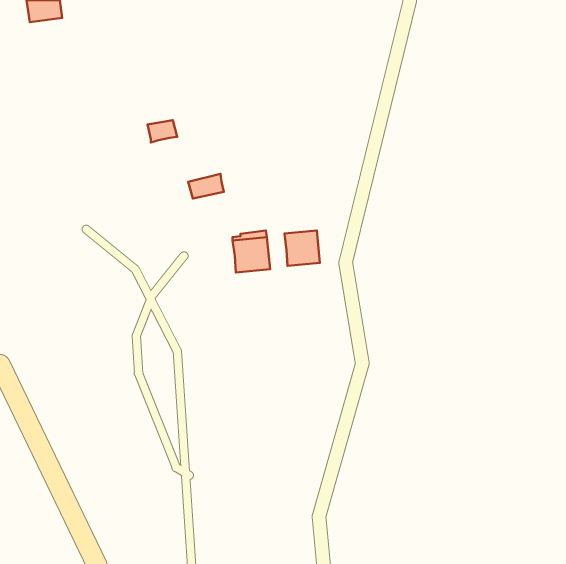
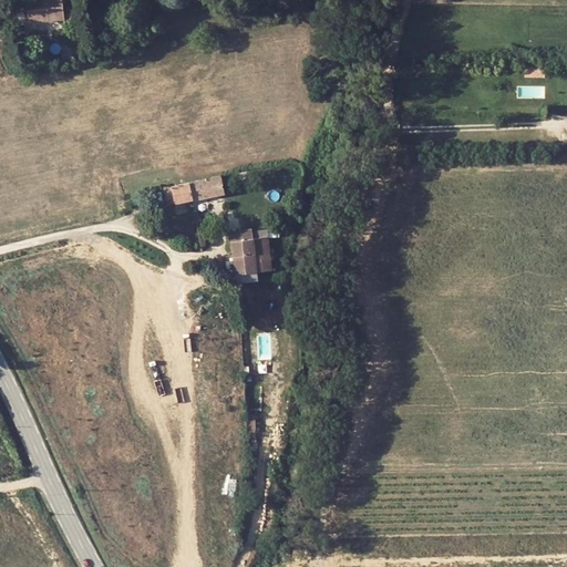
building: [147,120,177,142] -> [163,184,193,206]
building: [284,231,320,266] -> none

